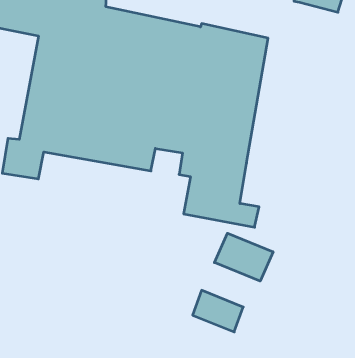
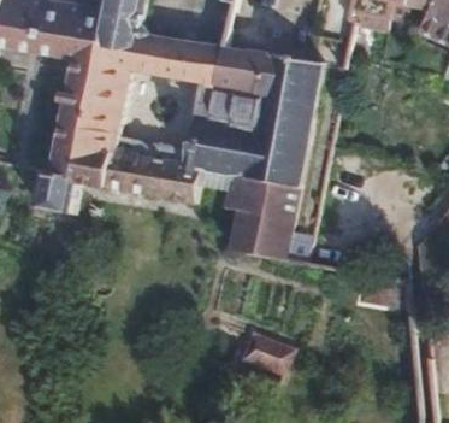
building: [214,233,273,281] -> none

